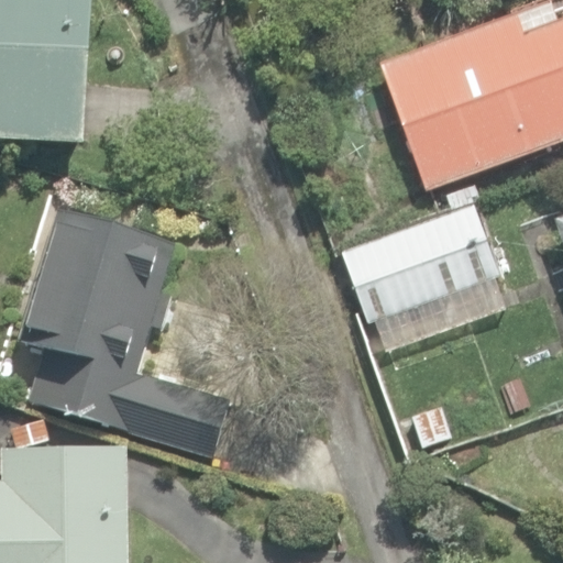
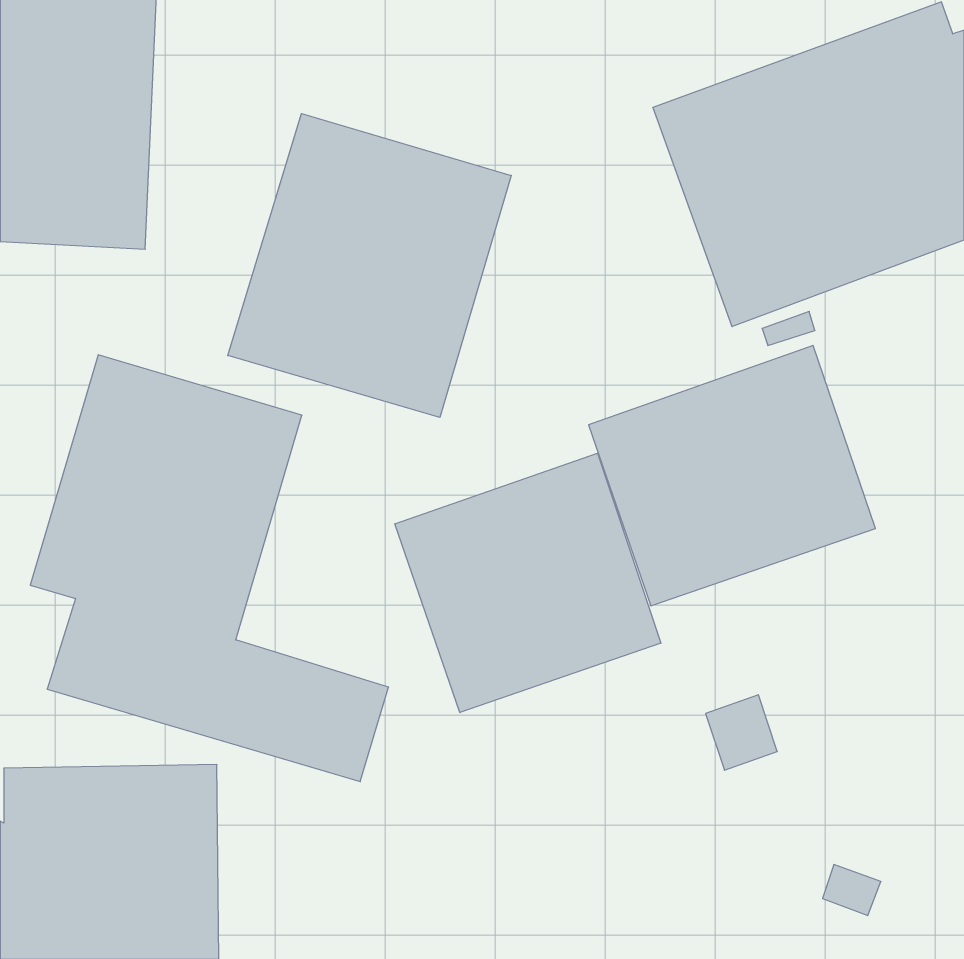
building: none -> [228,114,511,417]
building: none -> [395,453,661,713]

